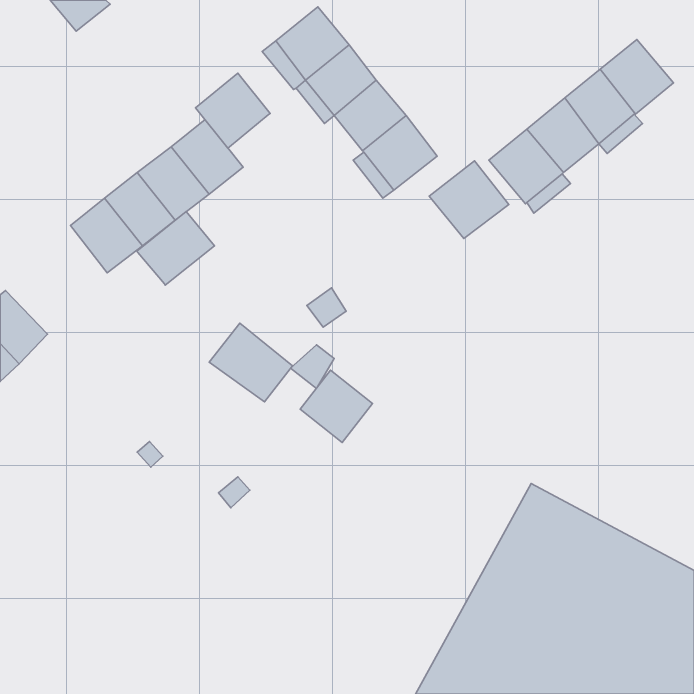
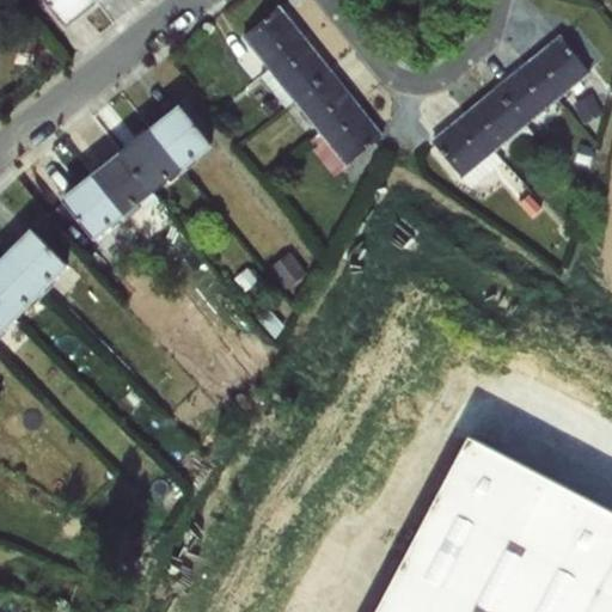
building: [196,73,270,148] -> none
building: [429,161,509,238] -> none
building: [137,212,215,285] -> none
building: none -> [5,228,69,294]
building: [209,323,292,402] -> none
building: [300,370,373,442] -> none

